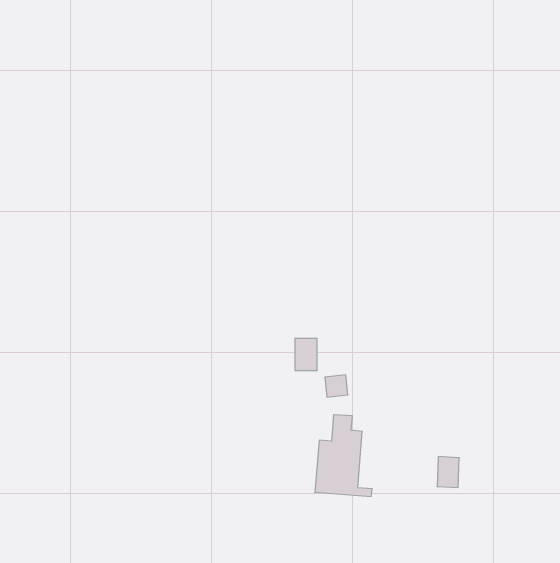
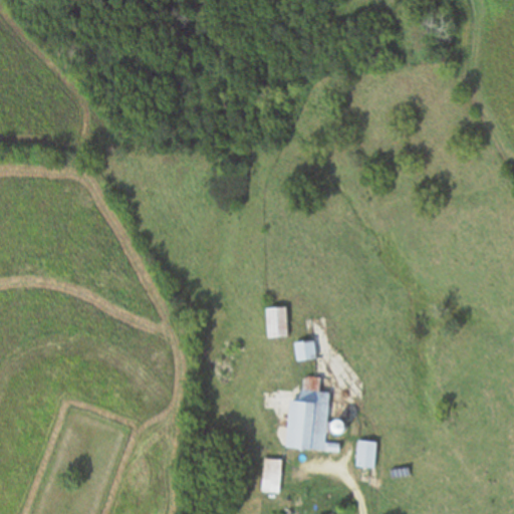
building: [437,457,459,488] -> [355,440,375,468]
building: none -> [260,457,282,492]

